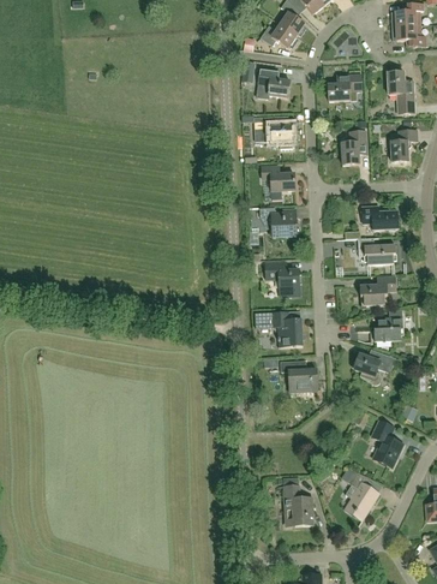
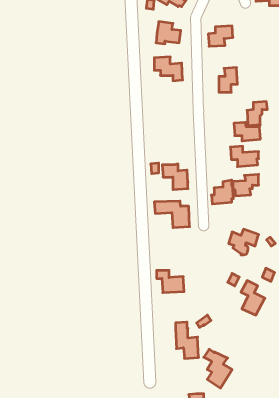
building: [388,71,415,112] -> none
building: [390,129,418,161] -> [247,102,267,125]
building: [262,165,295,199] -> none
building: [261,208,298,237] -> none
building: [375,309,405,341] -> [211,180,233,204]
building: [281,360,318,391] -> [157,270,184,293]
building: [341,466,379,519] -> [204,349,232,388]

